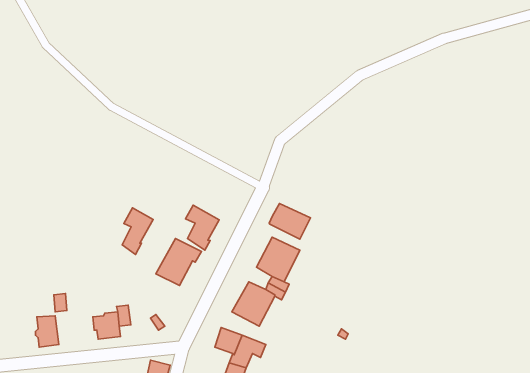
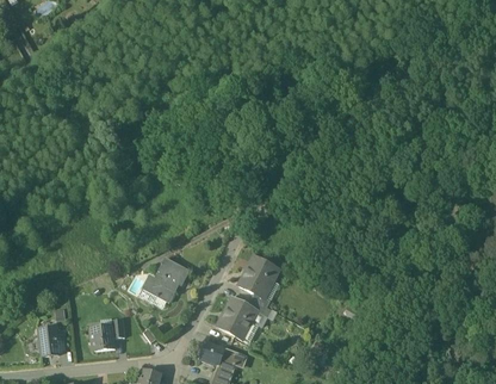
building: [269,203,311,239] -> none
building: [186,205,219,250] -> none
building: [122,208,153,255] -> none

